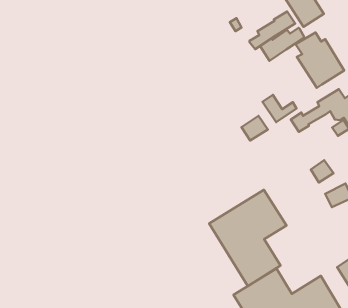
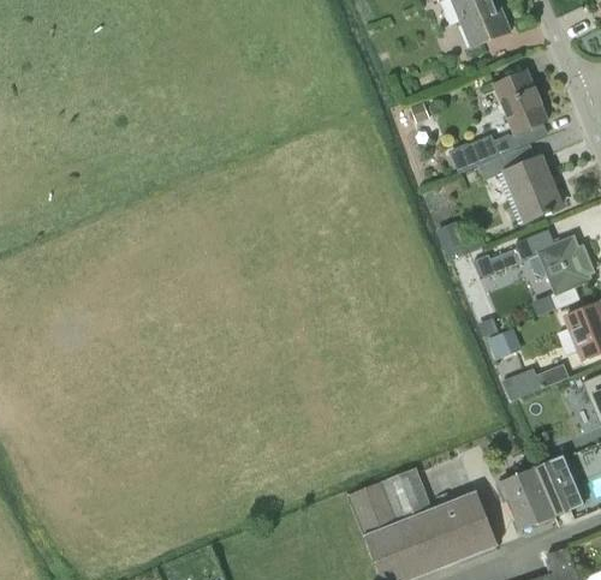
building: [249,11,295,49] -> none
building: [242,116,268,141] -> none
building: [209,190,286,286] -> none

